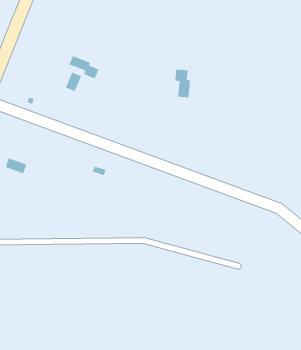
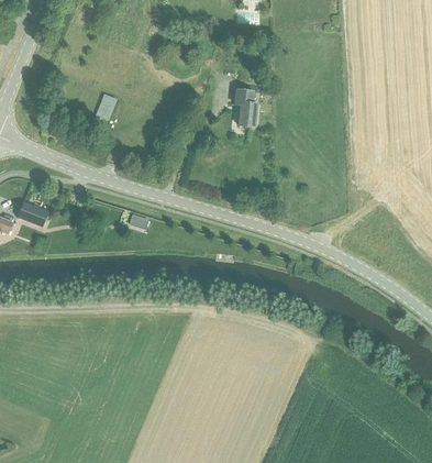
building: [68,55,99,80] -> none

